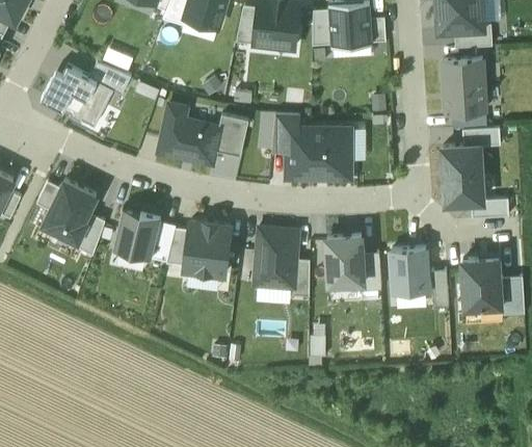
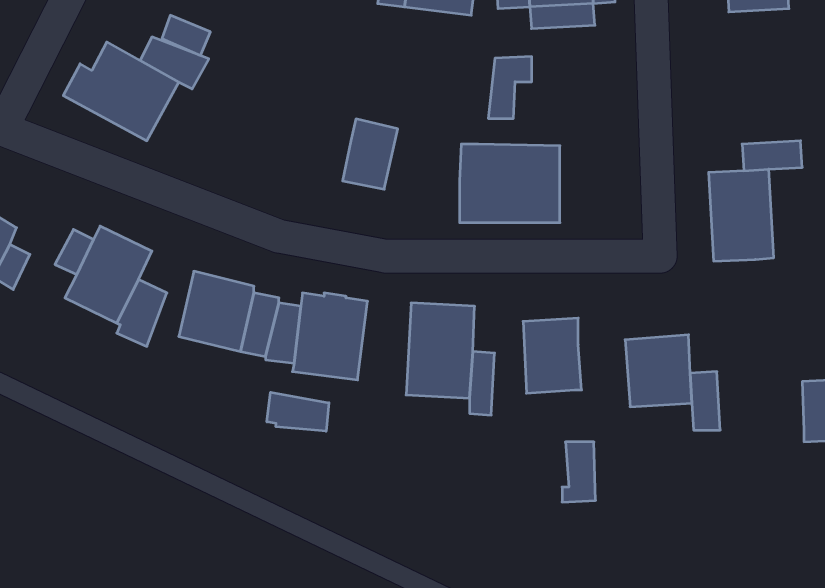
building: [444,59,485,114] -> none
building: [157,104,219,164] -> none
building: [271,114,298,153] -> [488,57,532,118]
building: [471,200,508,219] -> none
building: [358,255,379,292] -> [562,442,596,502]
building: [461,260,501,310] -> none
building: none -> [267,392,329,431]

